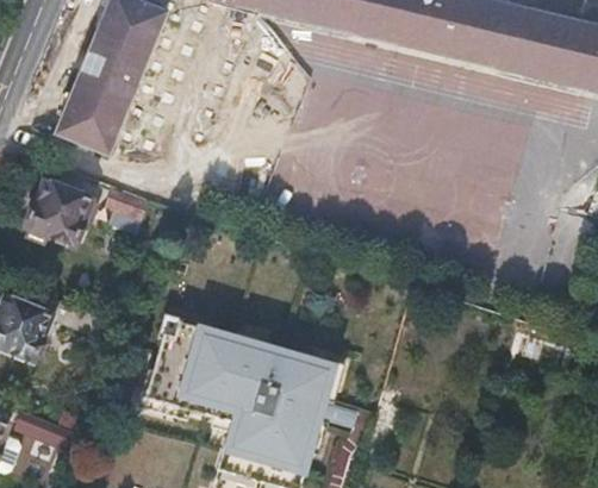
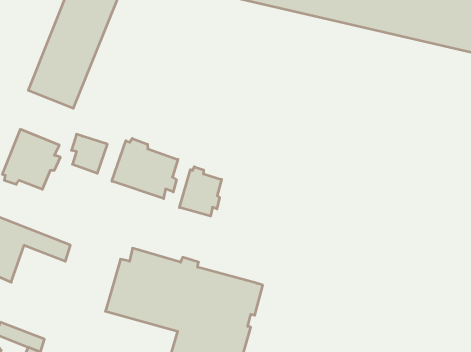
building: none -> [112,138,178,199]
building: none -> [179,167,222,216]

